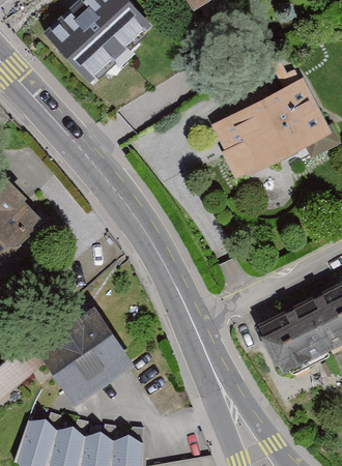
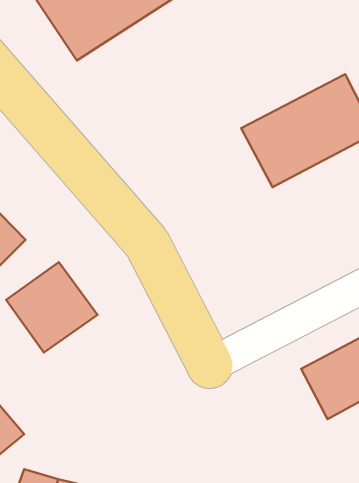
building: [50,322,125,397] -> [6,262,98,352]

